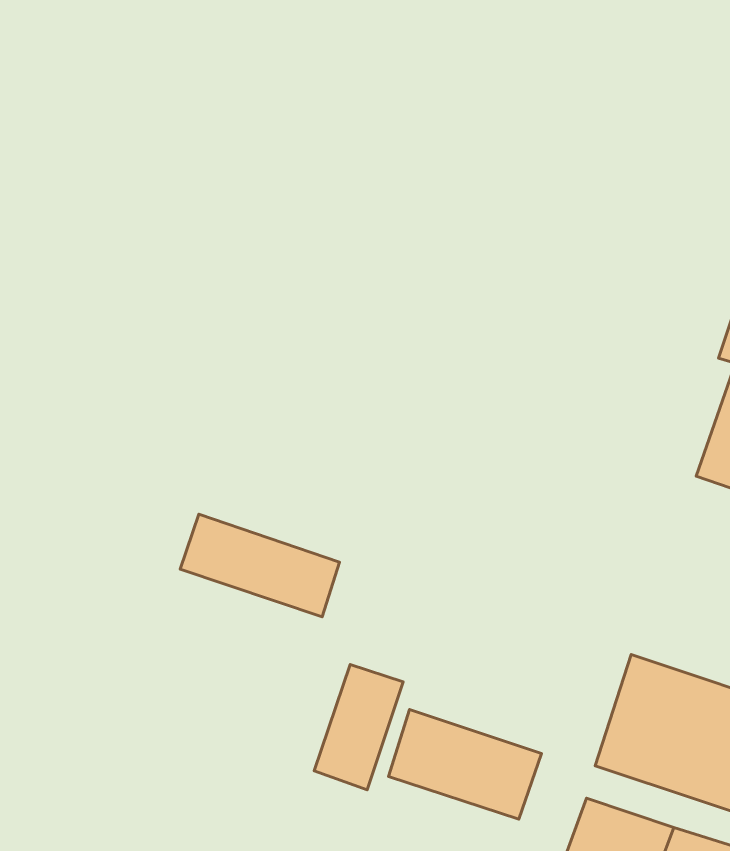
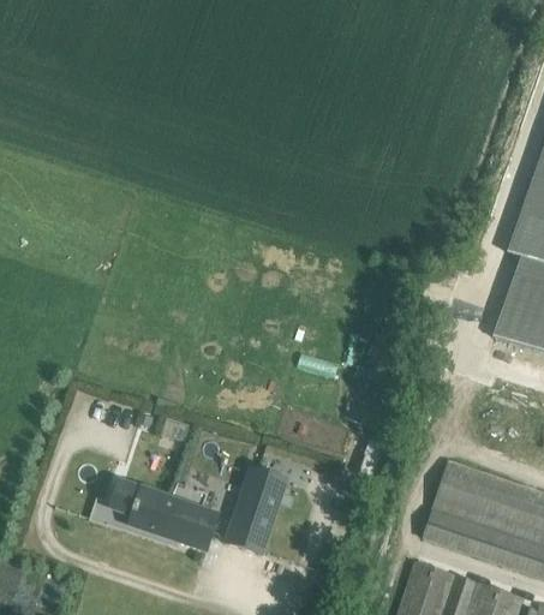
building: [180,514,339,617] -> [106,479,217,551]
building: [389,709,541,819] -> none

